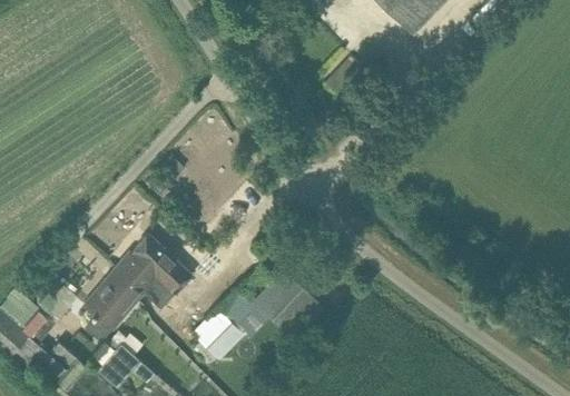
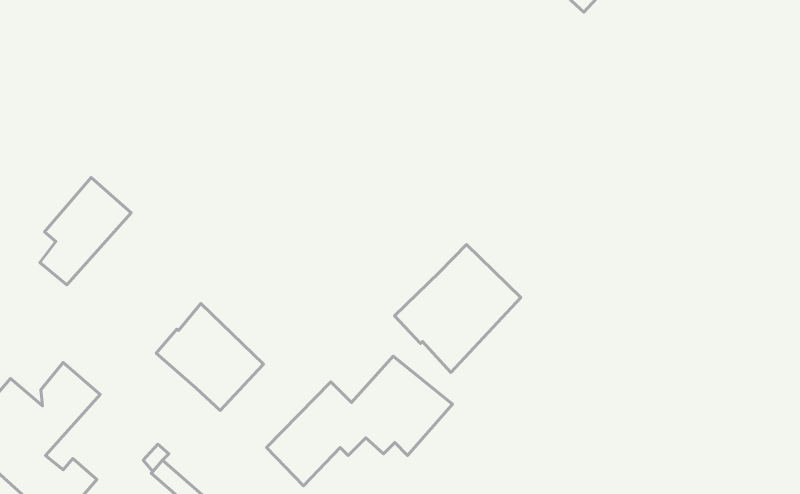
building: none -> [394,244,521,373]
building: [79,268,142,343] -> [40,178,131,285]

